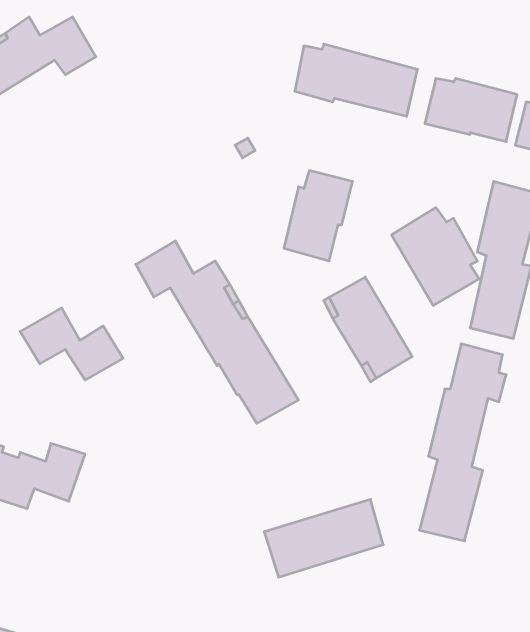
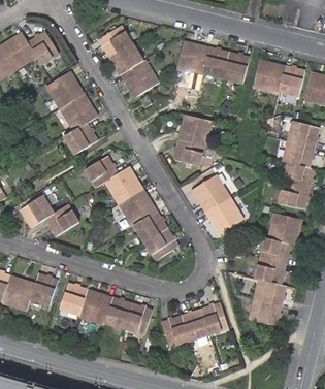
building: none -> [102,27,162,97]
building: none -> [51,72,101,155]
building: [392,208,479,306] -> none
building: none -> [59,284,150,336]

